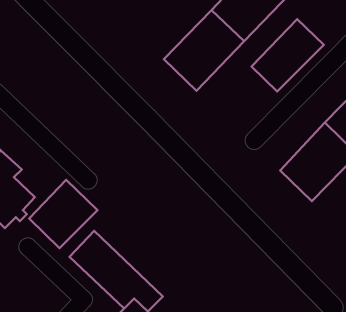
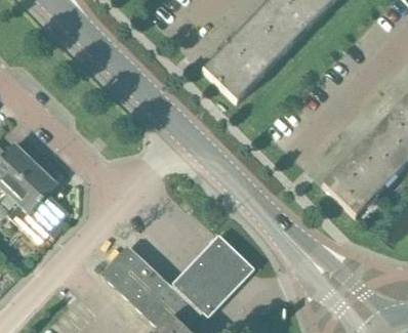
building: [251,19,324,92] -> none
building: [29,180,97,248] -> none
building: none -> [171,232,255,316]

